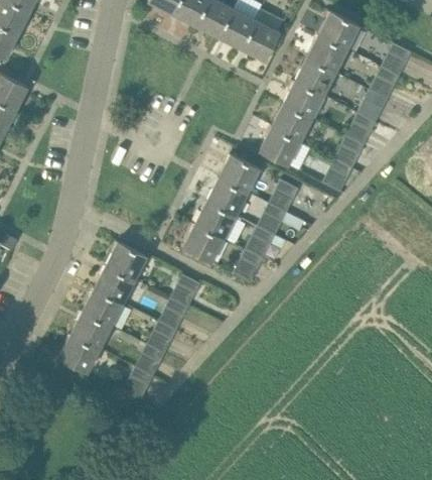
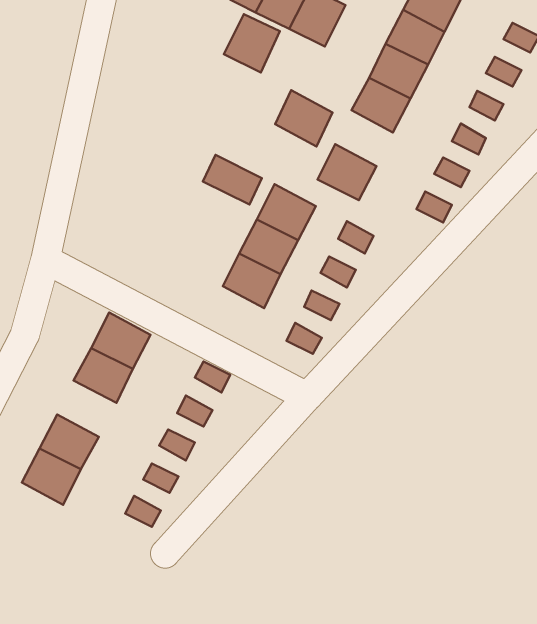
building: none -> [224,14,280,73]
building: [272,105,311,143] -> [275,90,333,146]
building: none -> [203,155,262,205]
building: [183,225,224,263] -> none
building: [83,289,123,328] -> none

